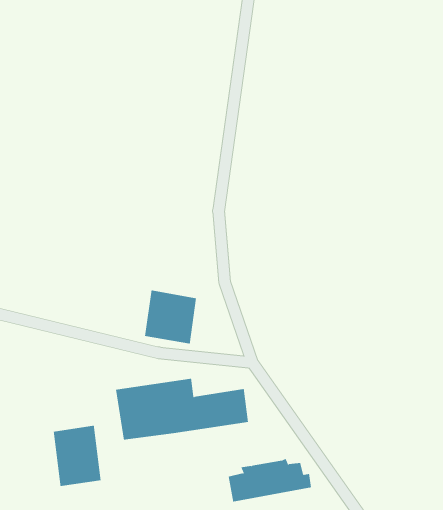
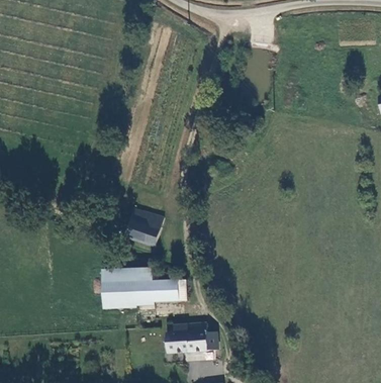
building: [53,425,101,487] -> none

